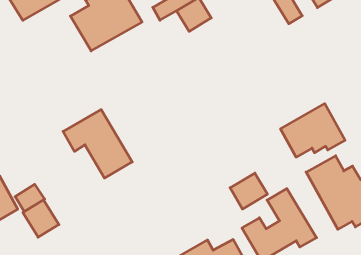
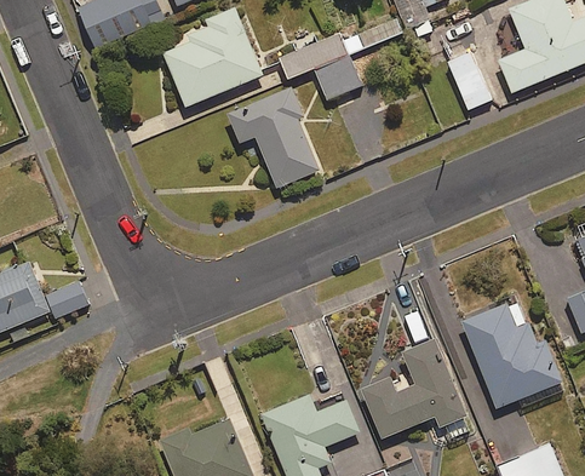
building: [281,104,345,157] -> none
building: [63,110,132,178] -> [228,91,319,188]
building: [230,173,267,209] -> none
building: [23,200,59,237] -> none

